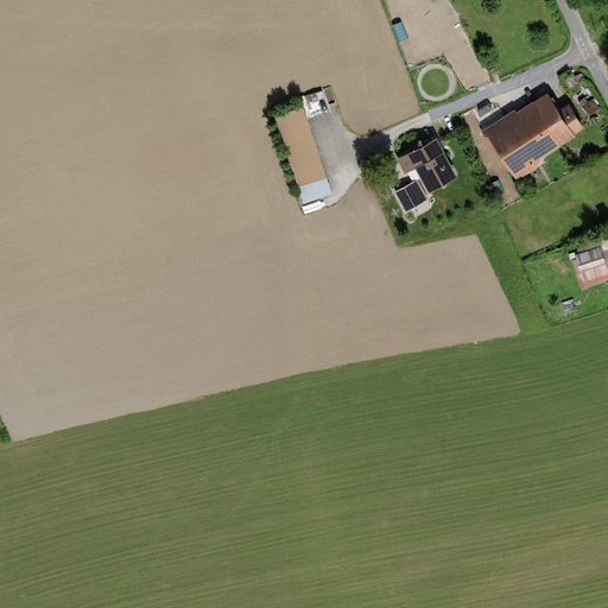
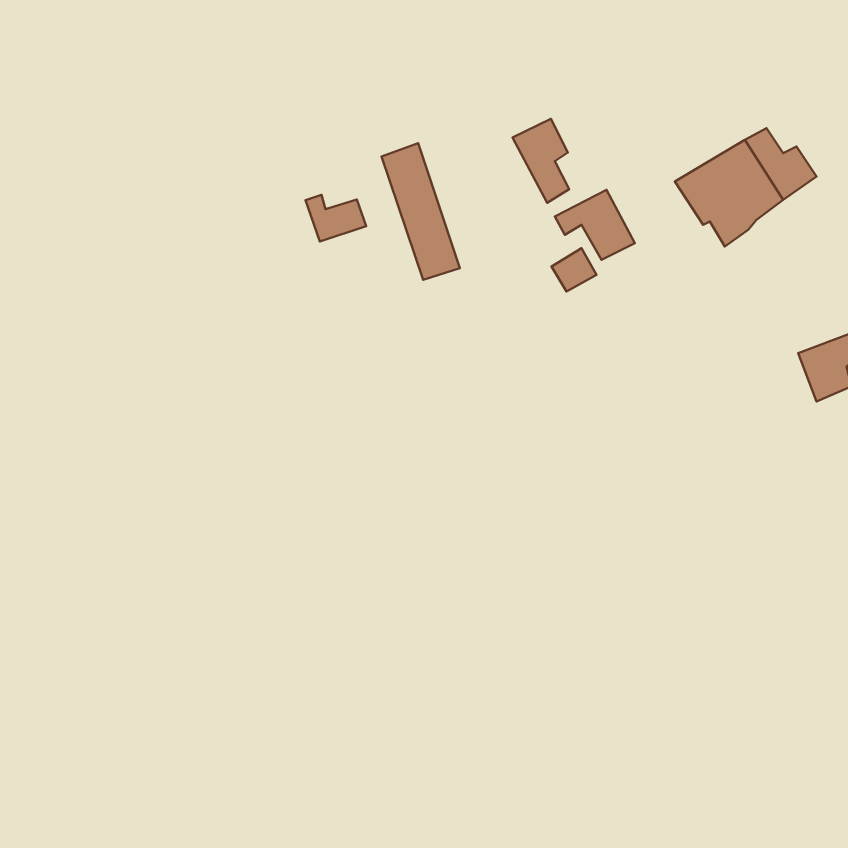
building: none -> [512,119,569,203]
building: none -> [305,195,366,242]

